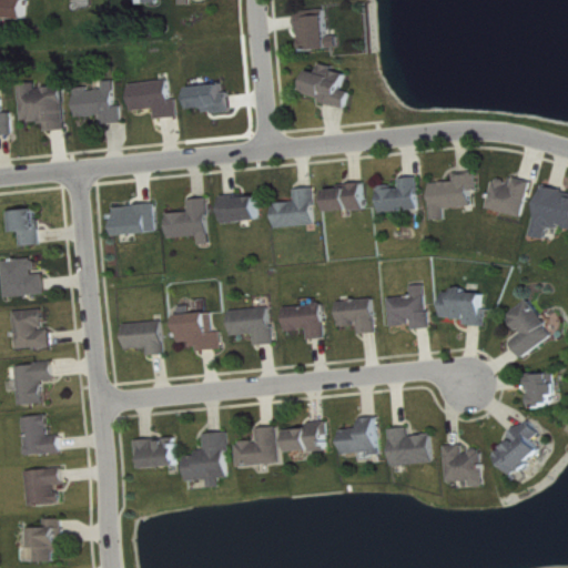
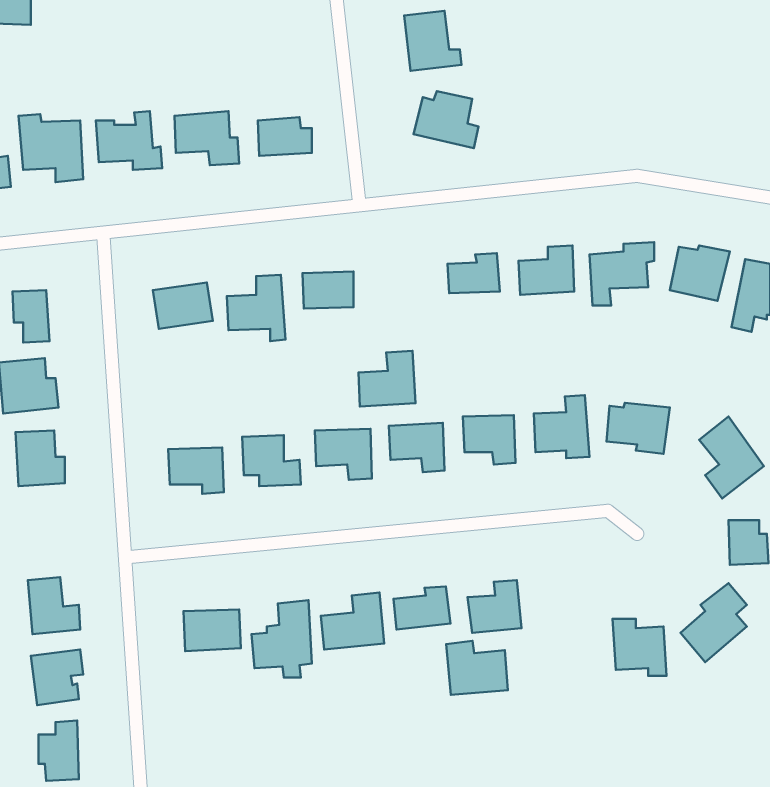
building: [270,187,311,227] -> [358,351,415,406]
building: [13,363,50,405] -> none
building: [385,427,429,466] -> [446,641,508,695]

